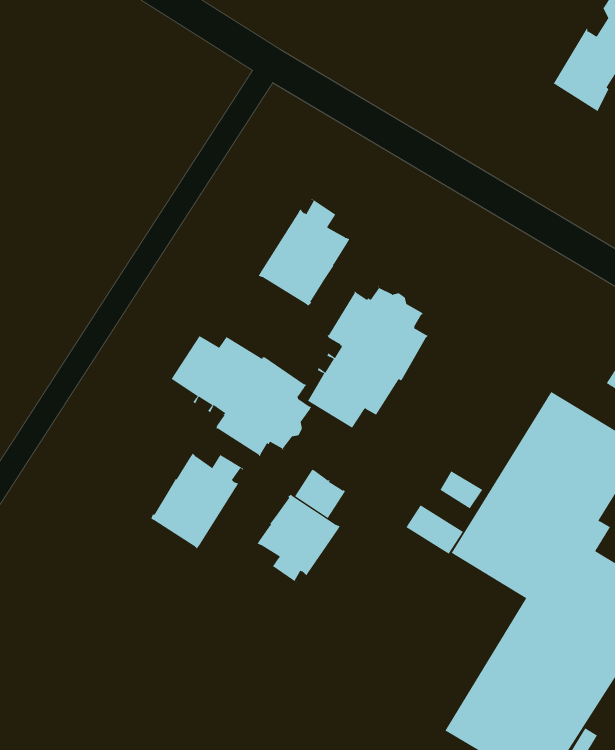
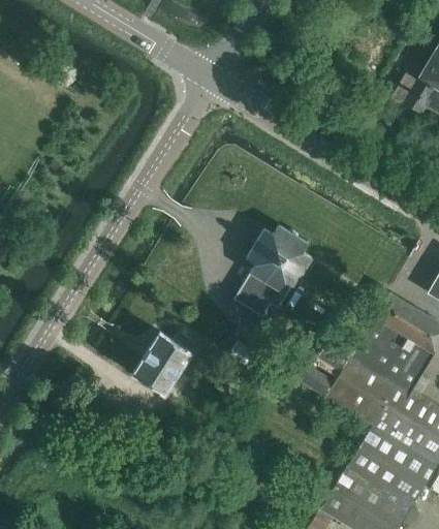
building: [258,198,350,306] -> none
building: [171,335,311,457] -> none
building: [257,494,340,584] -> none

